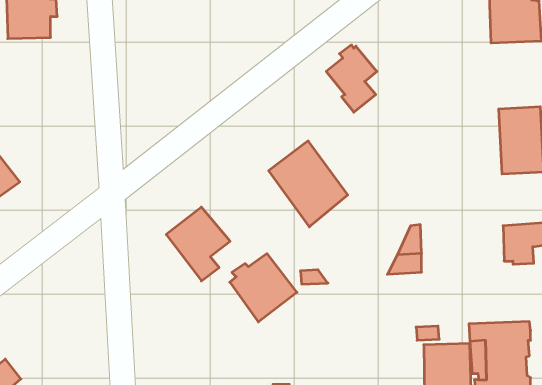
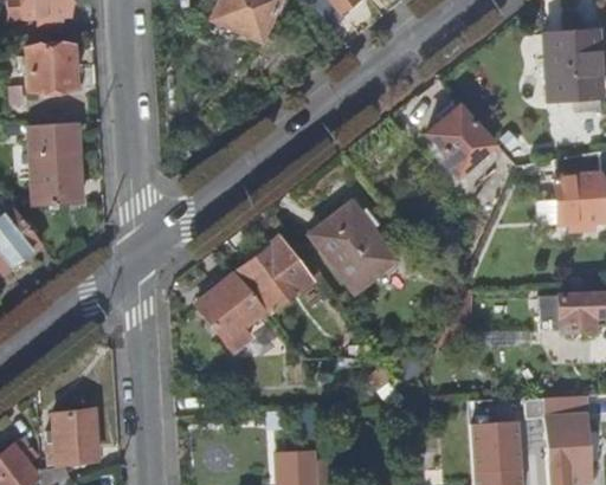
building: [326,45,377,112] -> [428,105,483,177]
building: none -> [27,124,80,200]
building: [230,254,297,322] -> [241,237,314,310]
building: none -> [51,403,98,454]

